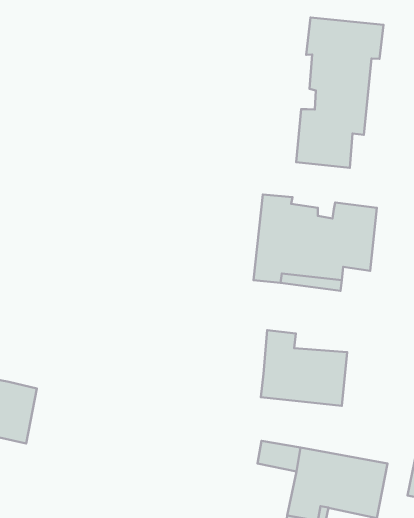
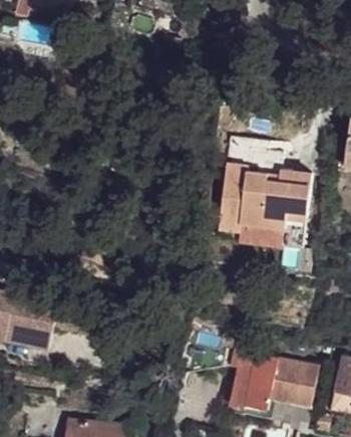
building: [296,17,383,168] -> none
building: [261,330,347,406] -> none

